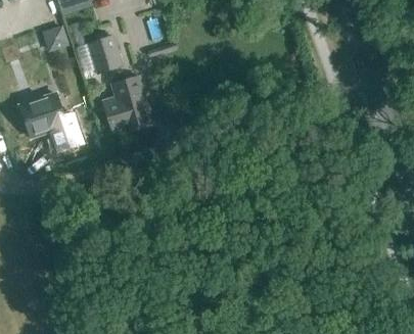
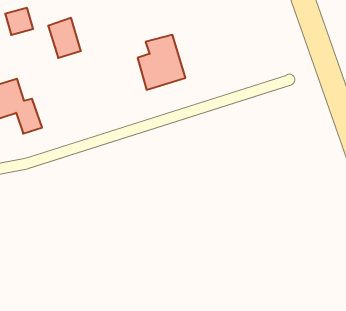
building: [103,77,152,133] -> [138,35,185,90]

